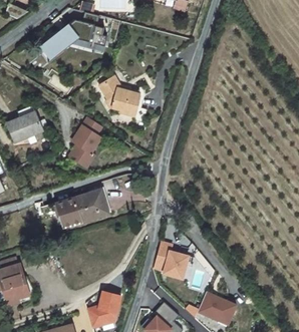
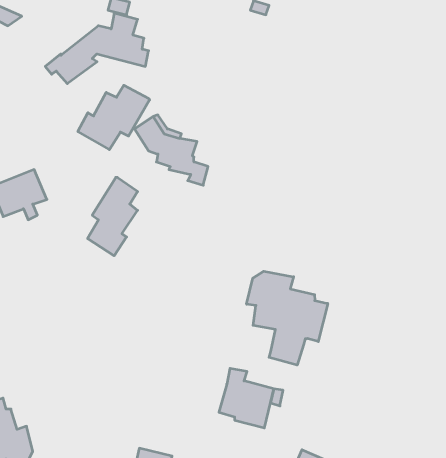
building: none -> [78,85,150,150]
building: none -> [247,271,328,365]
building: [58,193,105,226] -> none

